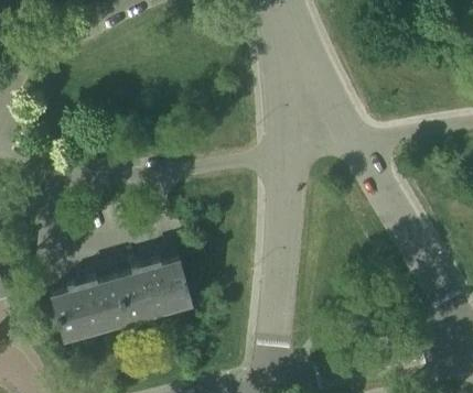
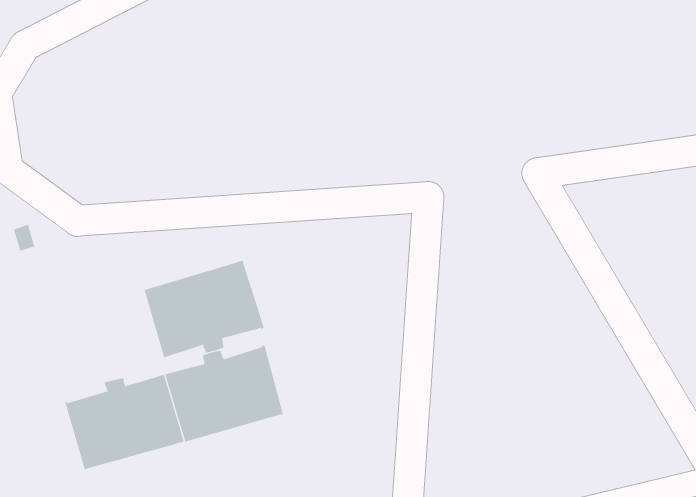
building: none -> [143,259,265,358]

